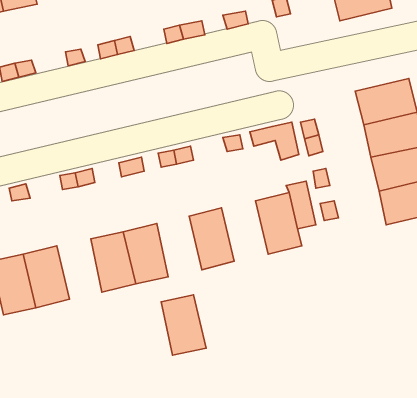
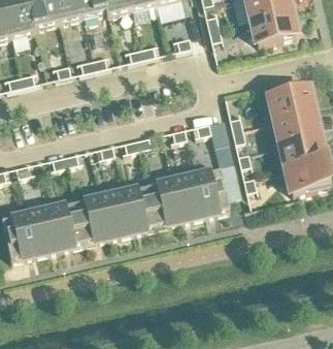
building: none -> [171,176,205,220]
building: none -> [51,203,84,248]
building: [161,295,206,355] -> [124,187,157,231]

